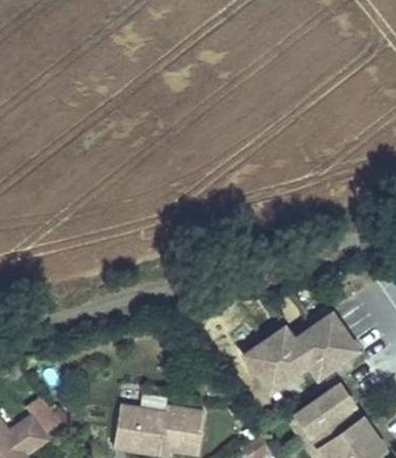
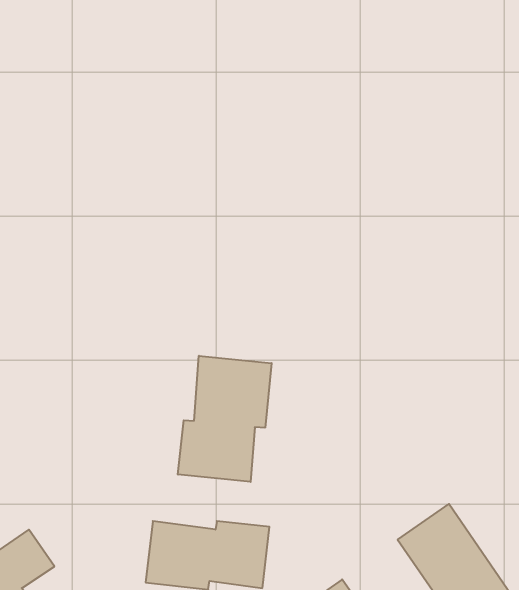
building: none -> [178,356,272,482]
building: [245,315,358,393] -> none

